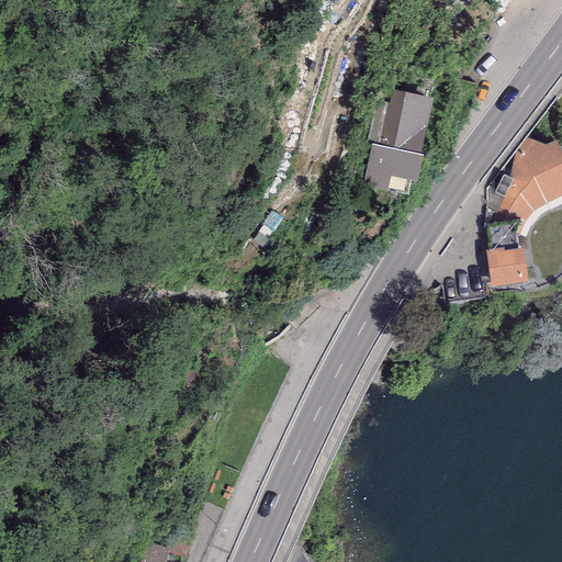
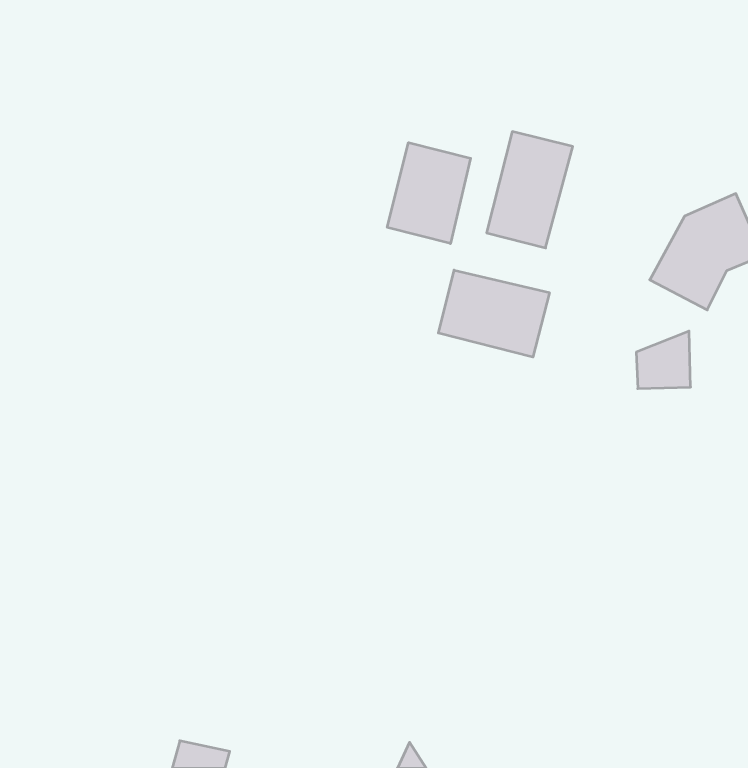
building: none -> [387,143,471,244]
building: none -> [438,270,549,357]

